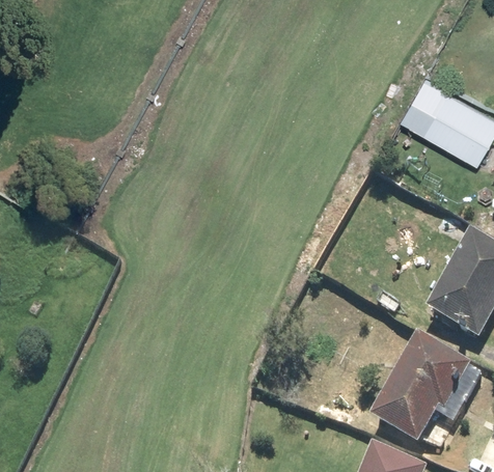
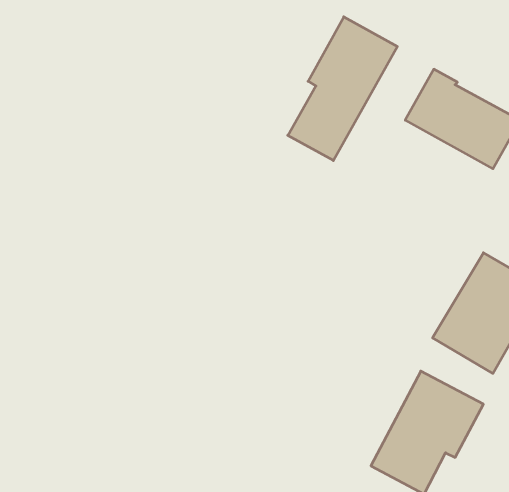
building: none -> [288,17,397,161]

